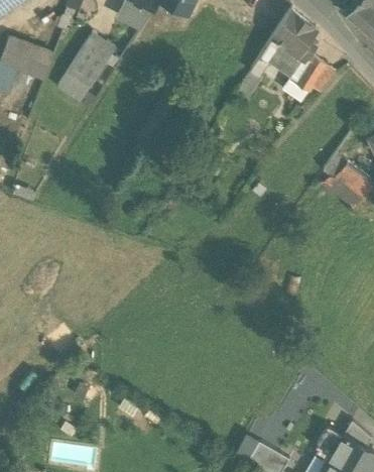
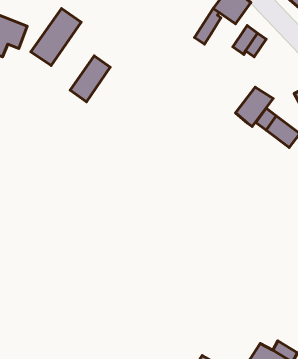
building: [270,39,308,80] -> none
building: none -> [70,56,110,102]
building: none -> [236,87,273,127]

